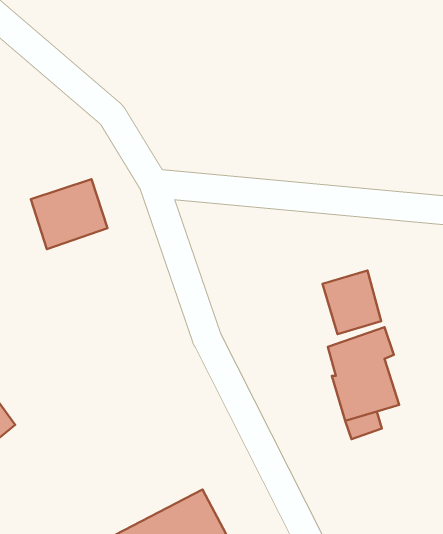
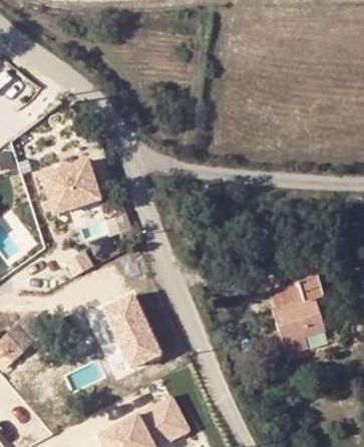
building: [323,270,381,334] -> none
building: none -> [104,295,160,367]

